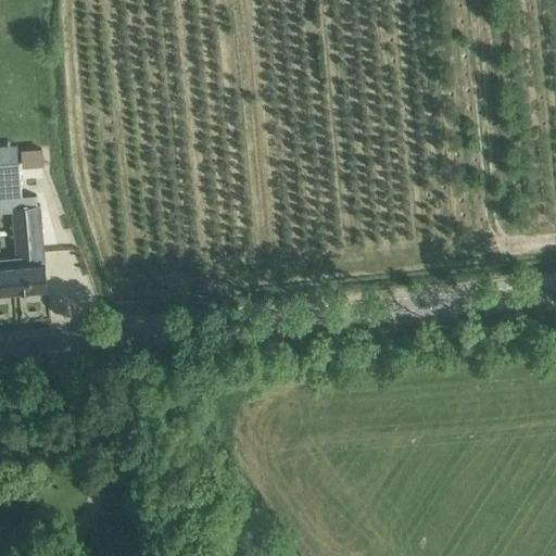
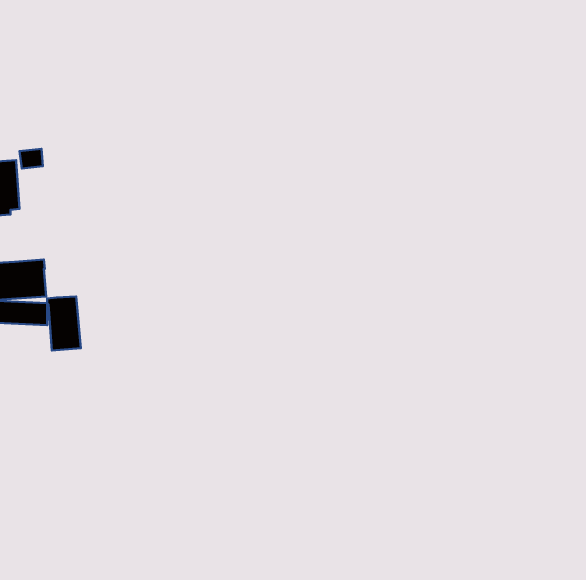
building: [10,195,41,247] -> [47,296,81,351]

